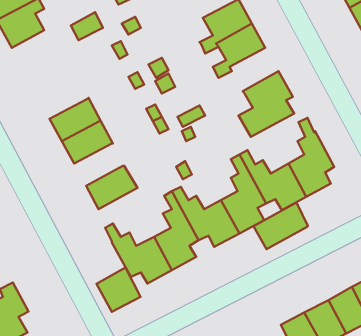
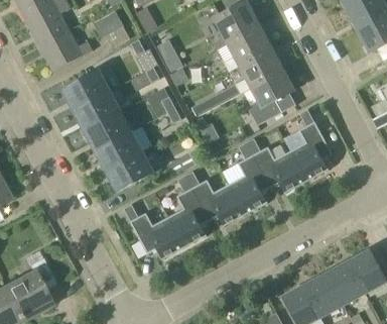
building: none -> [39,28,91,70]
building: none -> [233,44,281,94]
building: none -> [62,70,109,109]
building: none -> [96,131,141,170]
building: [253,203,308,249] -> none
building: [96,268,140,312] -> none

